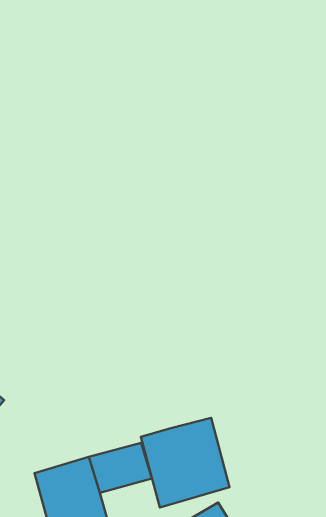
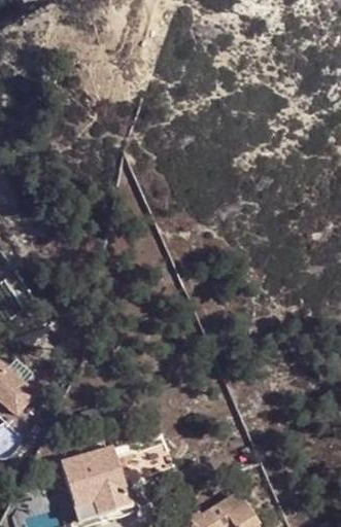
building: [141,418,229,507] -> none

